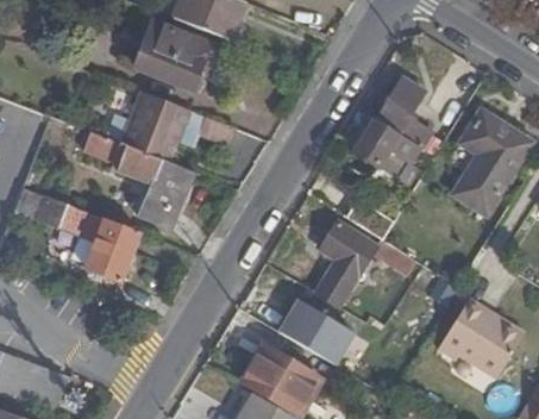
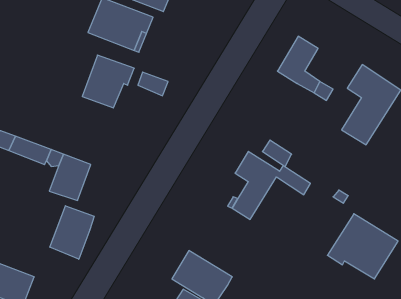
building: [353,117,402,169] -> none
building: [84,135,190,227] -> none
building: none -> [50,206,94,259]
building: [280,299,353,363] -> none

